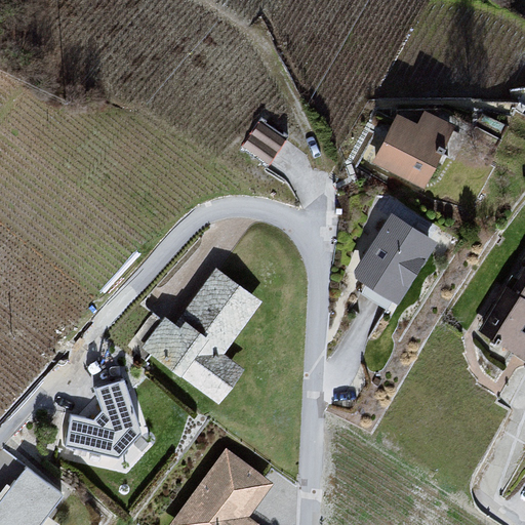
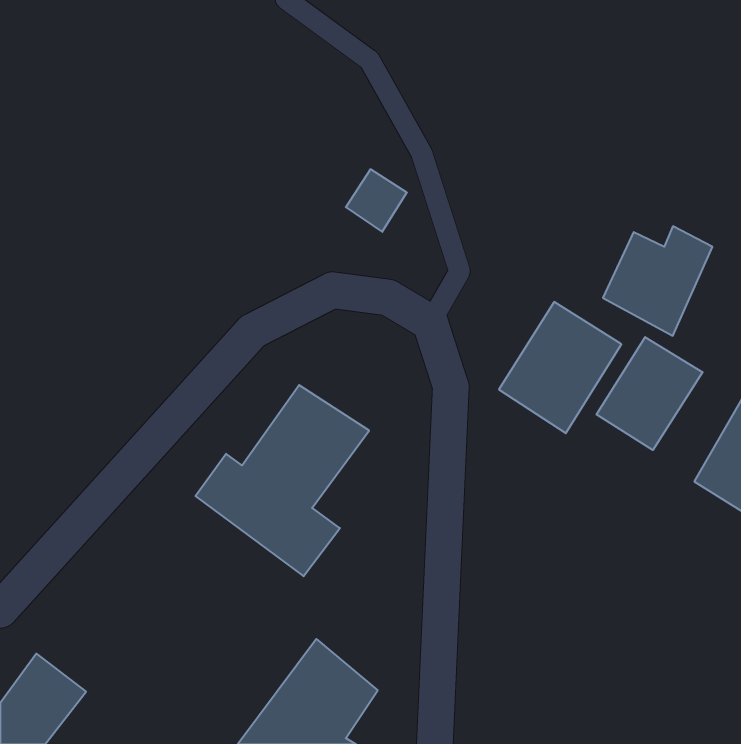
building: [372,112,449,189] -> [603,226,712,336]
building: none -> [597,337,703,450]
building: [64,382,137,458] -> none

